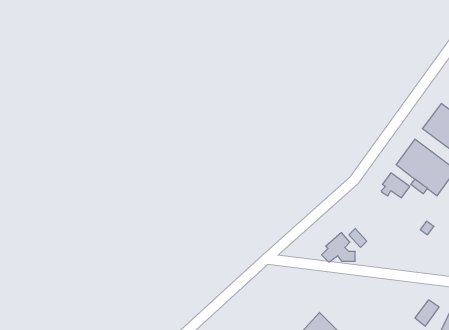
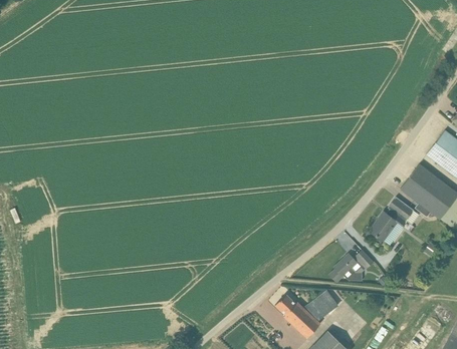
building: none -> [369,212,406,241]
building: none -> [275,290,338,338]

